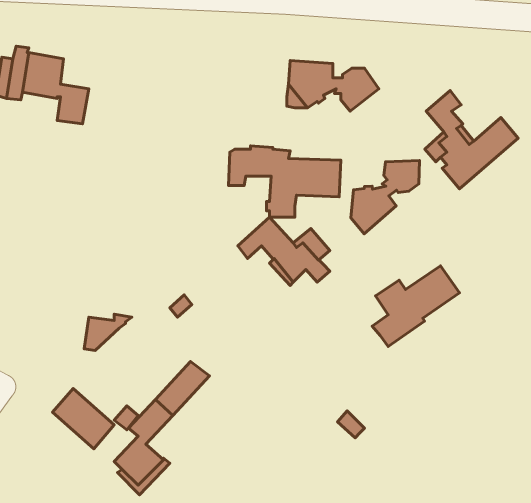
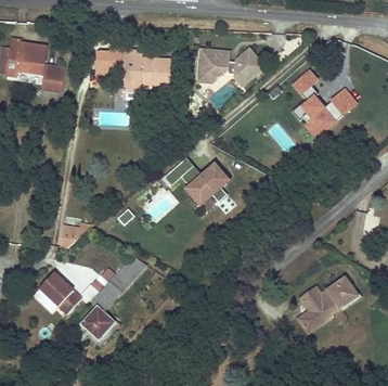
building: [228,146,341,217] -> [94,50,171,99]
building: [351,161,419,234] -> none
building: [372,266,459,347] -> [297,276,357,332]

